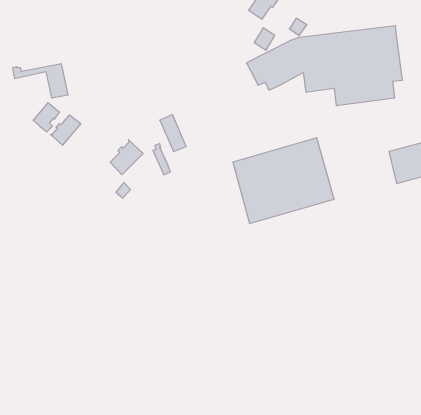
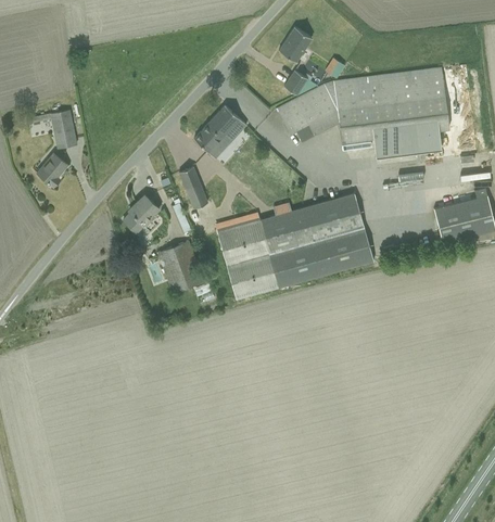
building: none -> [194,105,246,158]
building: [50,115,81,145] -> none
building: none -> [215,212,279,300]
building: none -> [157,240,212,302]

